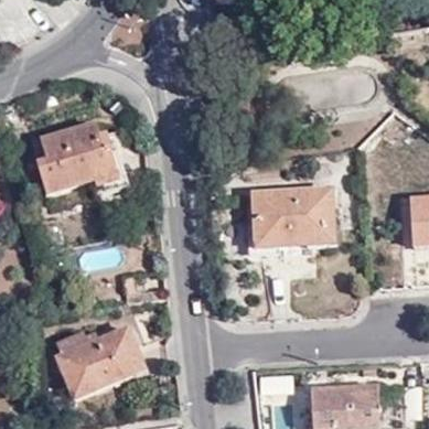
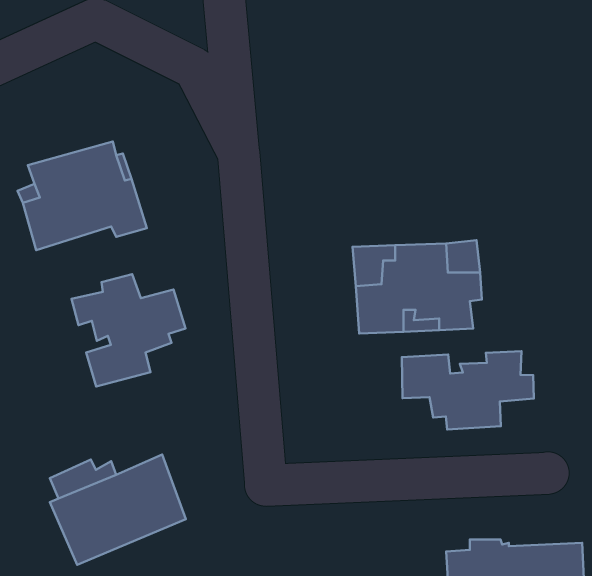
building: none -> [71,274,185,386]
building: none -> [402,351,534,430]

